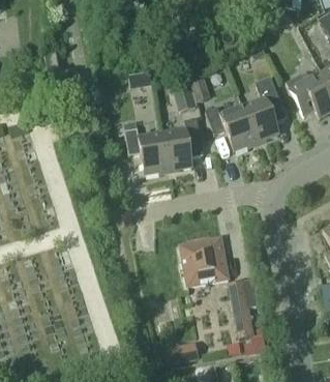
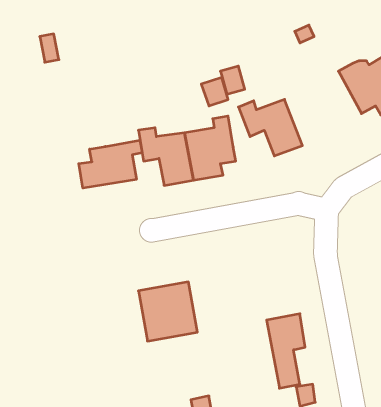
building: [242,77,286,142] -> none
building: none -> [79,140,142,188]
building: [180,237,228,285] -> [138,282,197,341]

